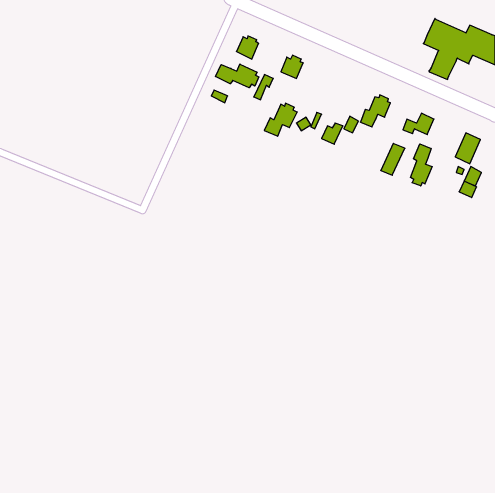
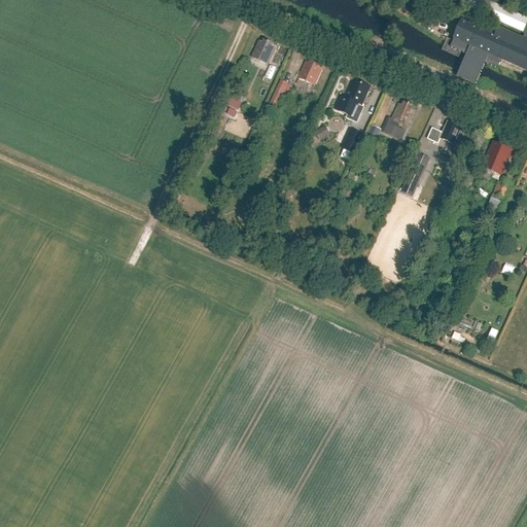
building: [216,64,259,88] -> none
building: [264,103,297,136] -> [335,79,370,114]
building: [410,144,432,186] -> none

